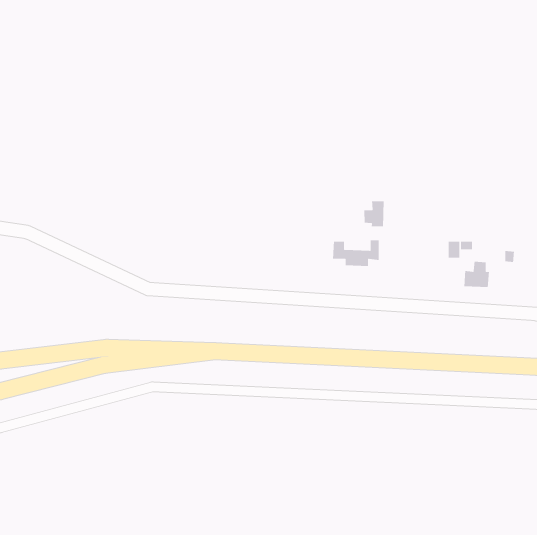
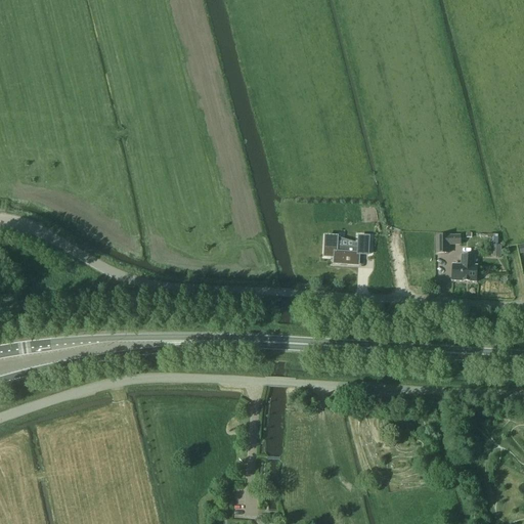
building: [364,200,384,227] -> none

